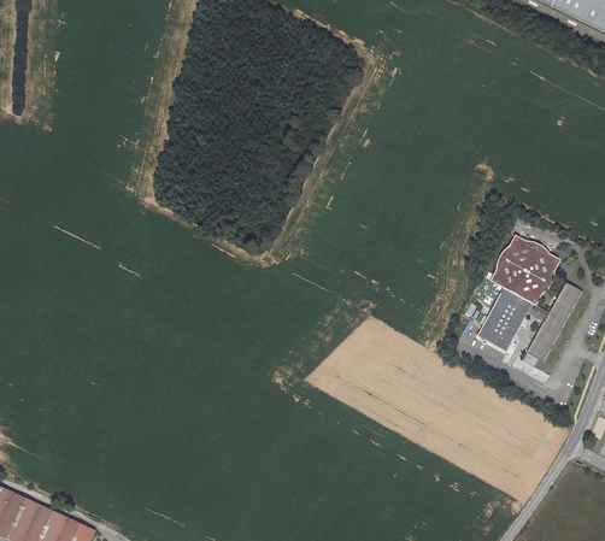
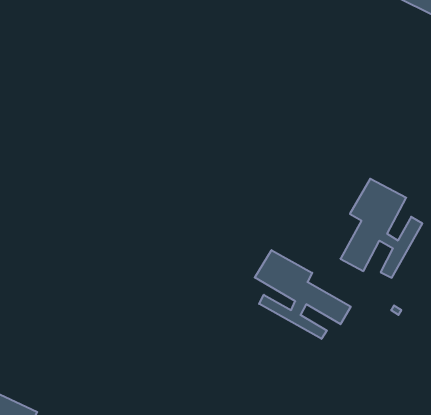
building: none -> [255,250,351,339]

